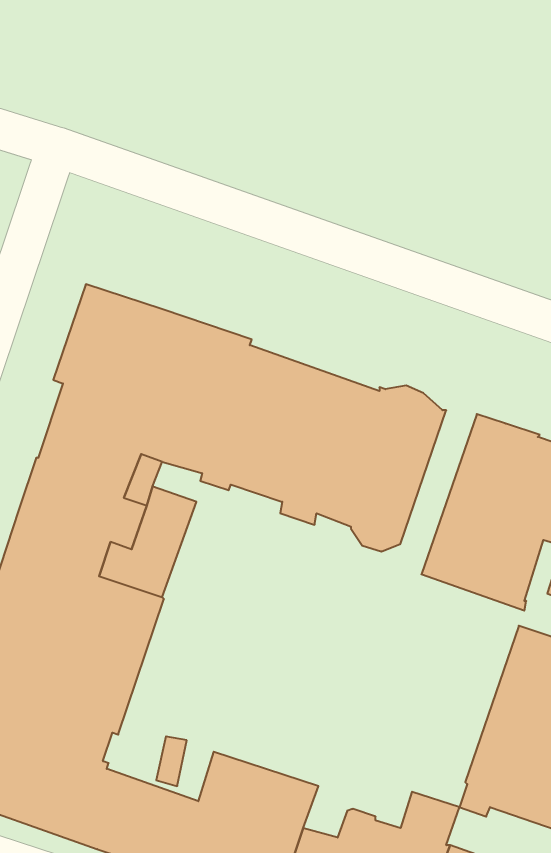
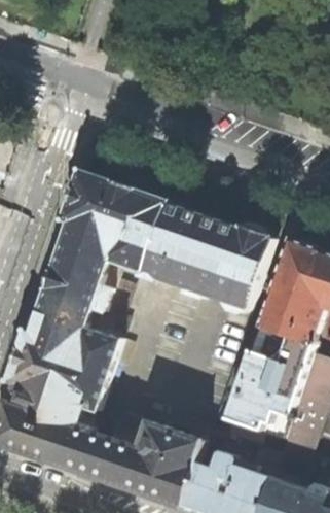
building: none -> [225,327,313,439]

